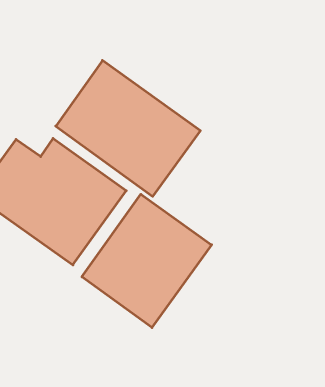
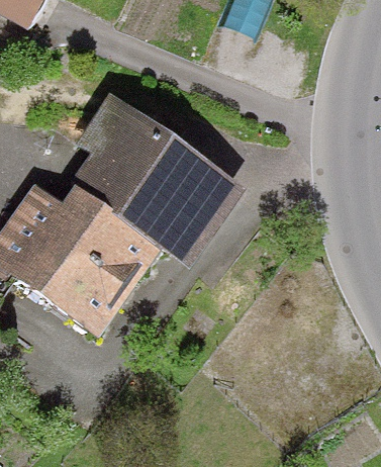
building: [82,194,212,328] -> none

